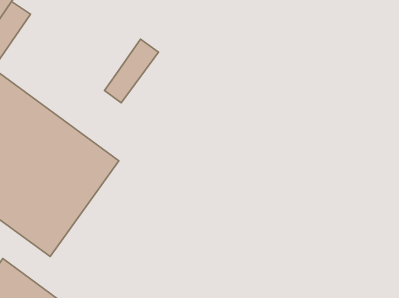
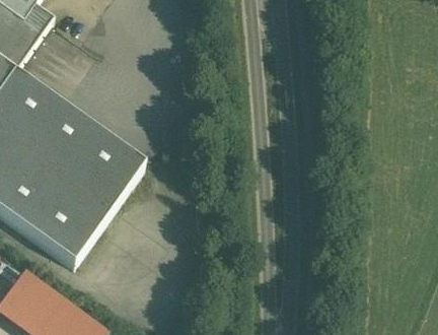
building: [104,39,158,103] -> none

